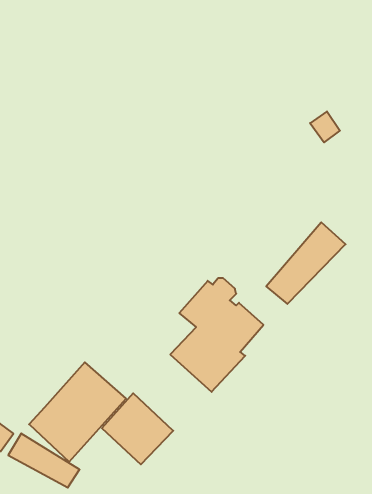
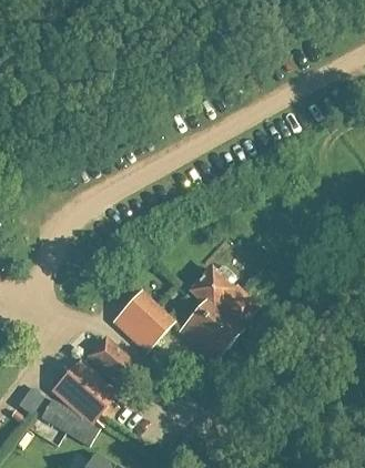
building: [266,222,346,304] -> none
building: [102,393,173,464] -> [112,289,173,350]

